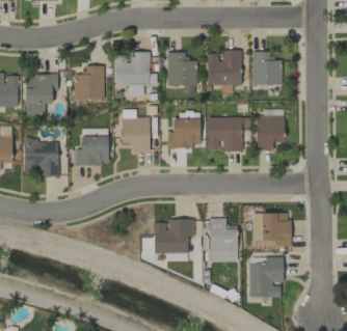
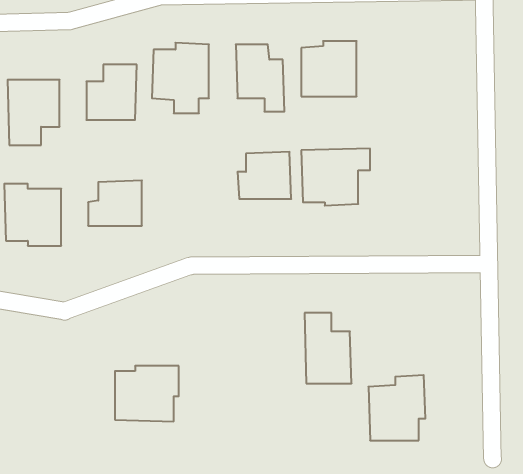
building: [251,51,282,85] -> none
building: [256,115,285,149] -> none
building: [121,116,150,151] -> none
building: [252,213,290,246] -> none
building: [154,219,193,253] -> [115,366,179,421]

